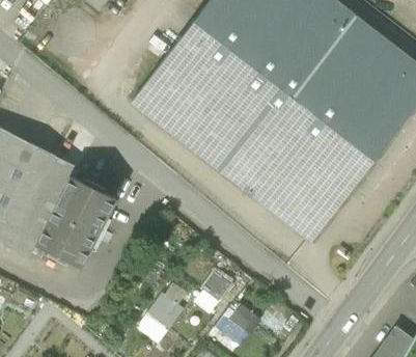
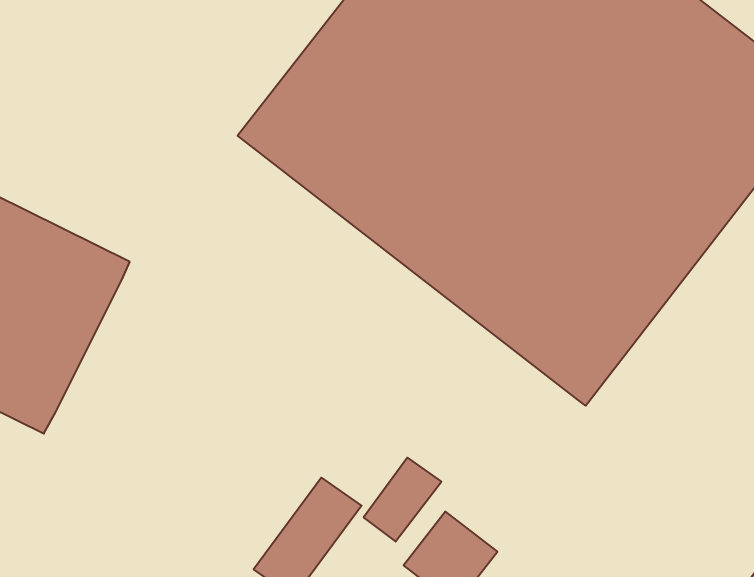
building: [34,175,114,267] -> none

